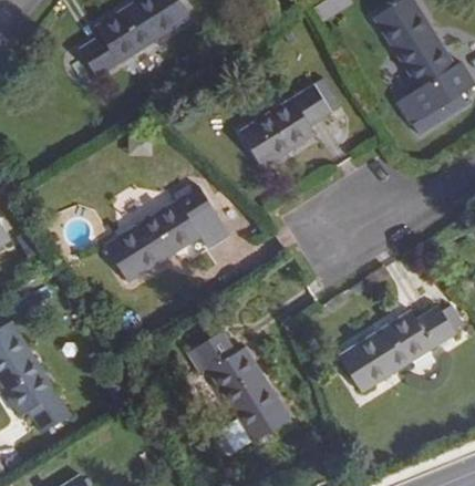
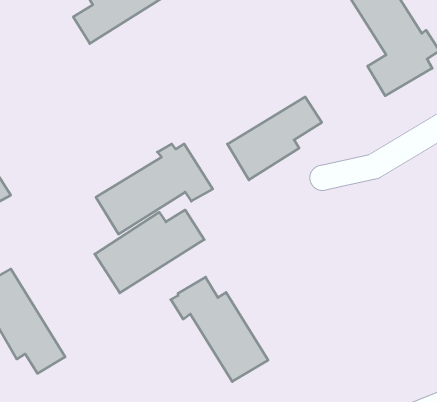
building: [239,79,341,168] -> [227,97,322,180]
building: none -> [95,210,204,293]
building: [338,304,456,393] -> none

